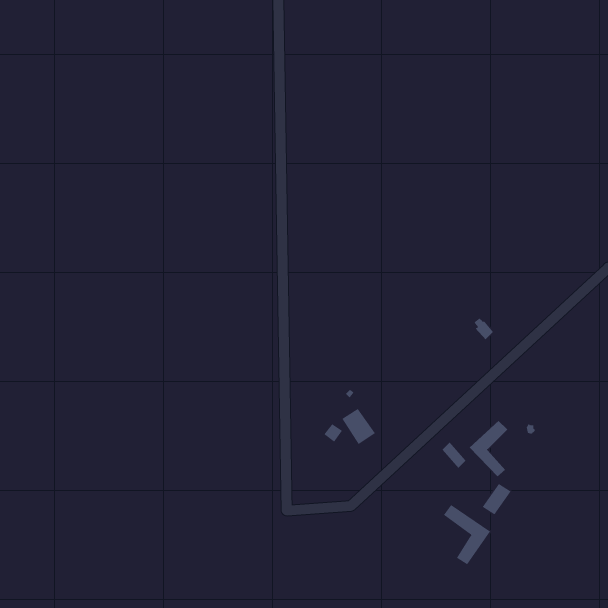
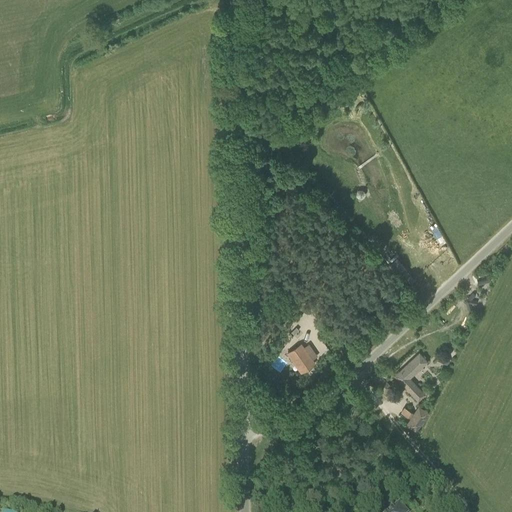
building: [443,504,491,565] -> none

